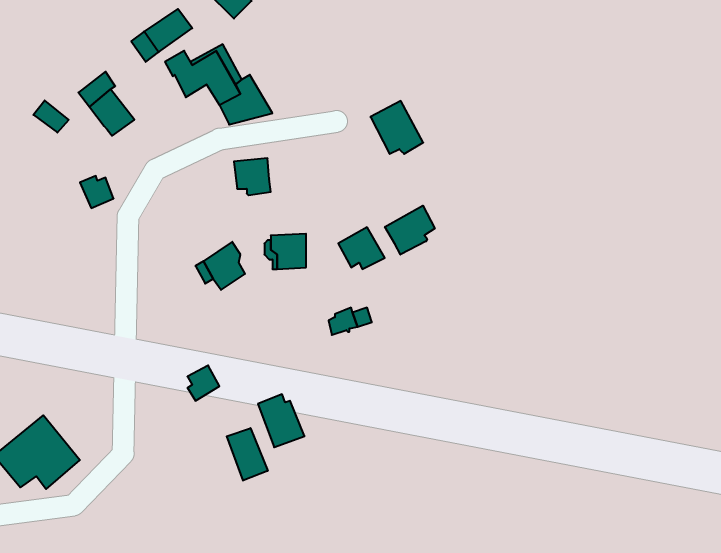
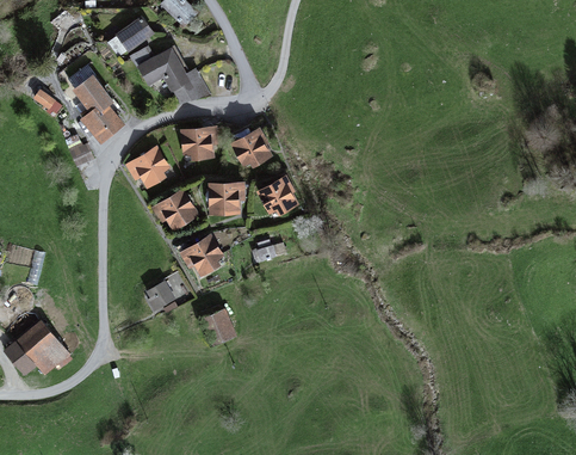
building: [370,101,423,154] -> [229,123,268,162]
building: none -> [81,98,122,140]
building: none -> [129,149,167,184]
building: [385,206,435,255] -> none
building: none -> [182,238,221,272]
building: [227,428,268,481] -> none

